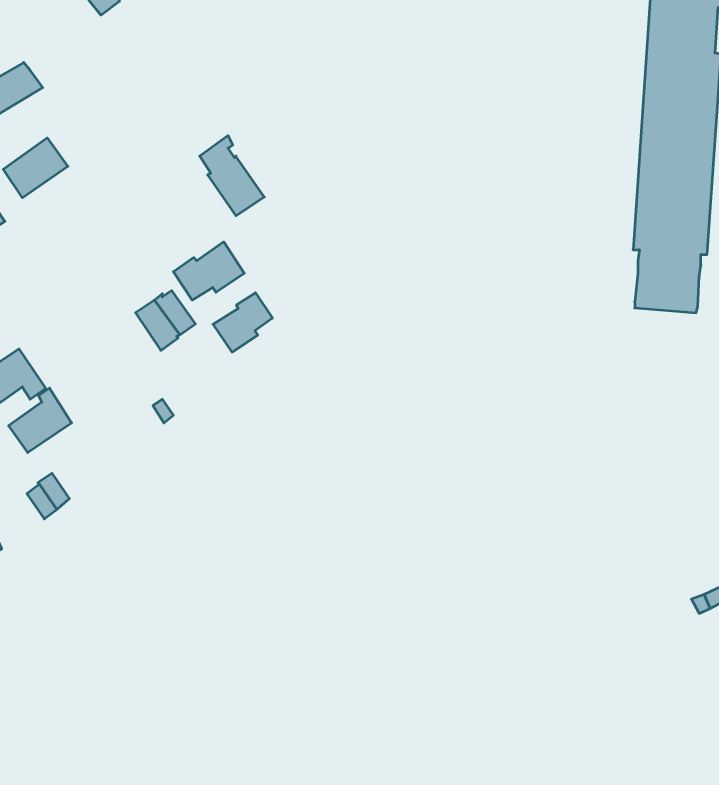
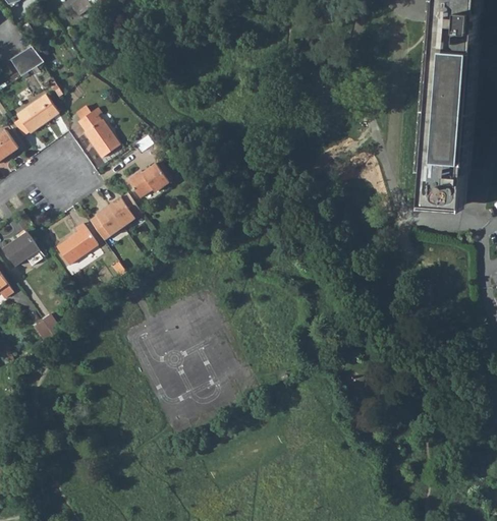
building: [200,136,264,216] -> [77,106,119,158]
building: [213,293,272,352] -> none
building: none -> [88,208,117,241]
building: [9,388,72,453] -> [55,223,96,265]

